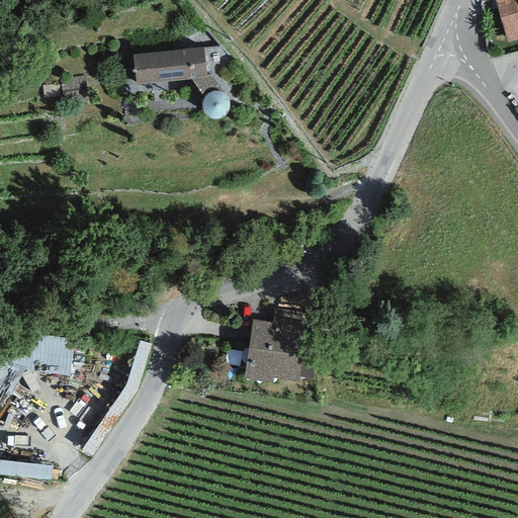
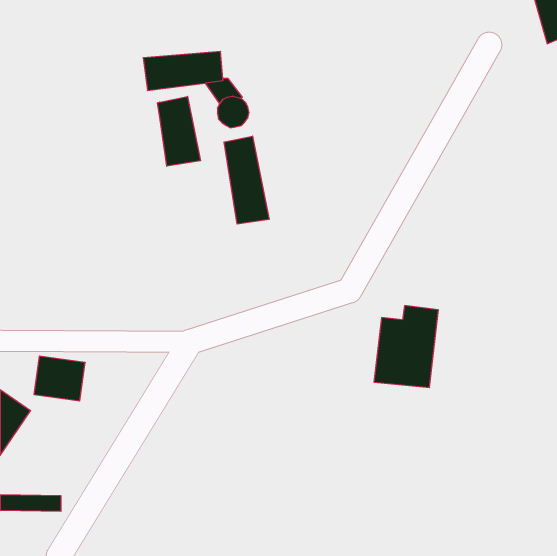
building: none -> [158,96,200,166]
building: none -> [224,136,269,224]
building: [246,307,306,382] -> [374,306,438,388]

